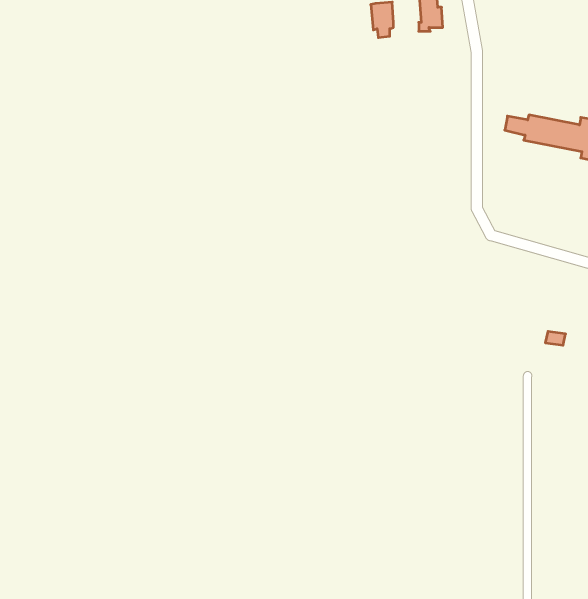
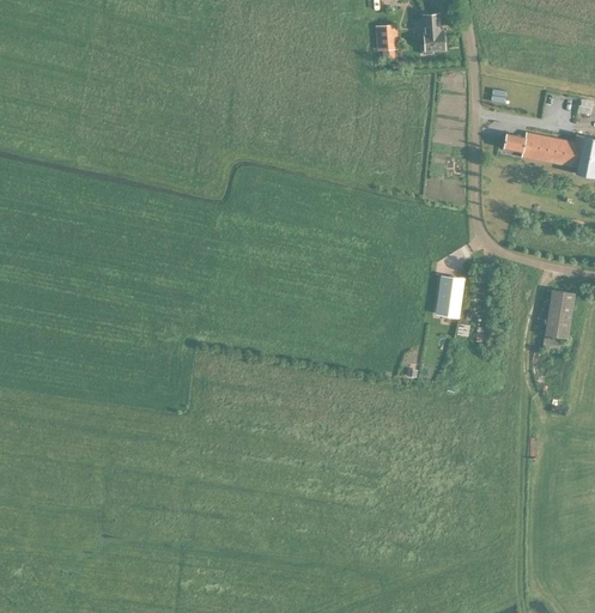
building: none -> [437,277,461,317]
building: none -> [544,290,573,339]

